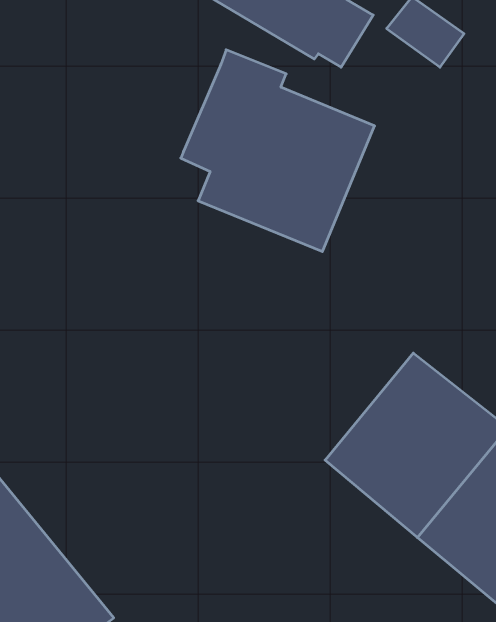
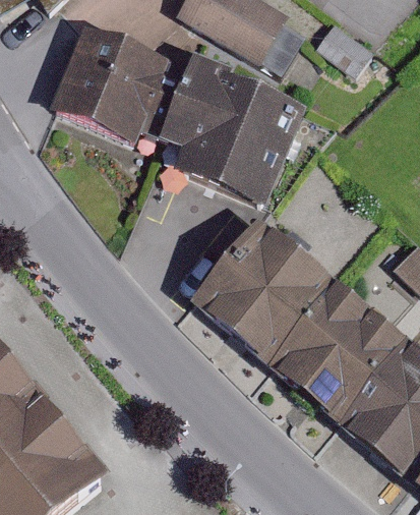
building: none -> [55,26,193,145]
building: none -> [194,224,340,369]

